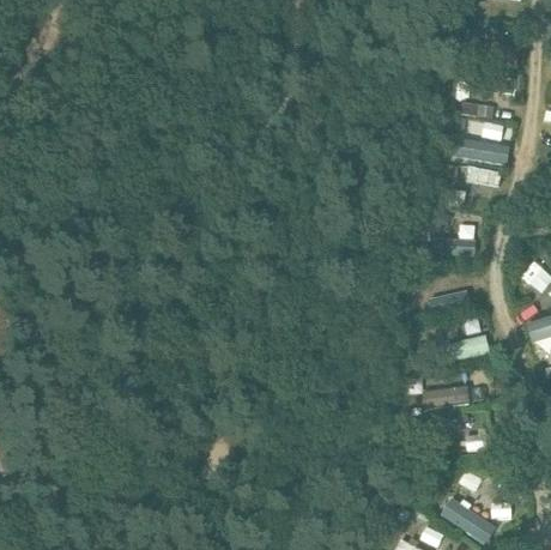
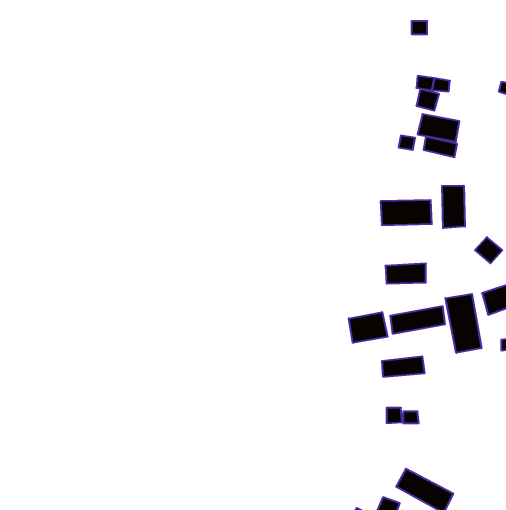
building: none -> [442,186,465,228]
building: none -> [445,294,481,353]
building: none -> [349,312,387,343]

